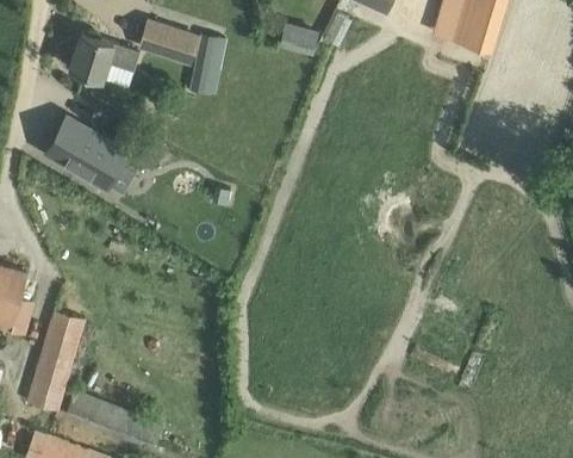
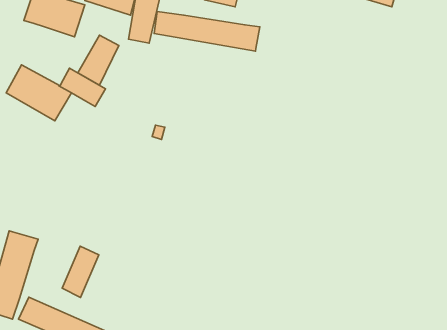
building: none -> [154,11,260,51]
building: none -> [78,35,119,85]
building: none -> [62,246,99,297]

